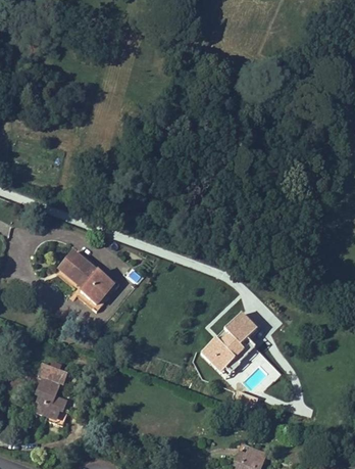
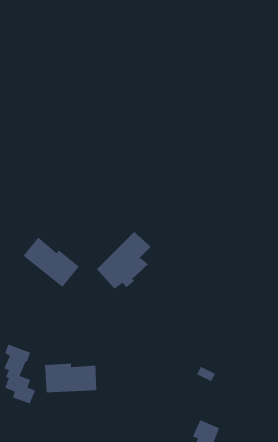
building: [202,310,260,371] -> [96,231,152,290]
building: none -> [44,363,97,393]

